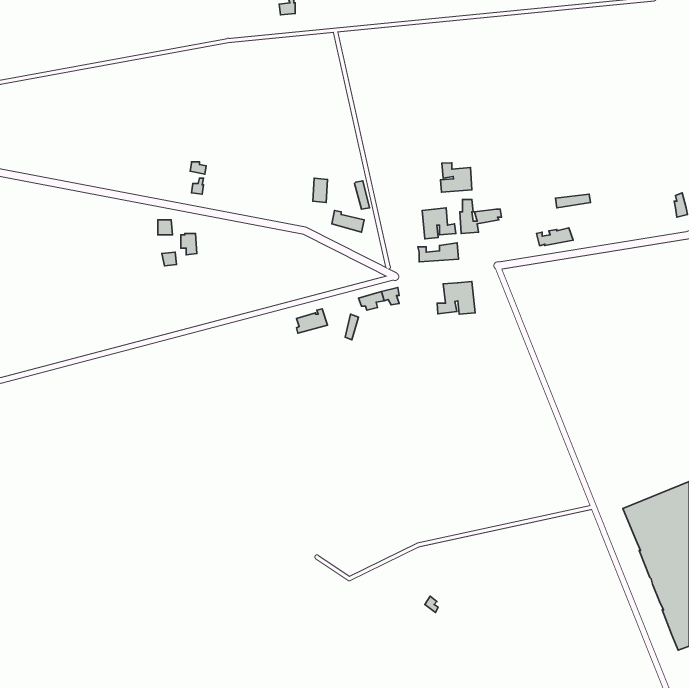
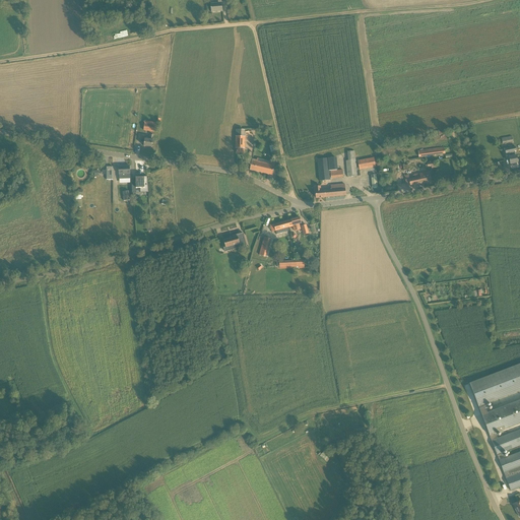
building: [441,163,472,192] -> none
building: [437,282,475,314] -> none

